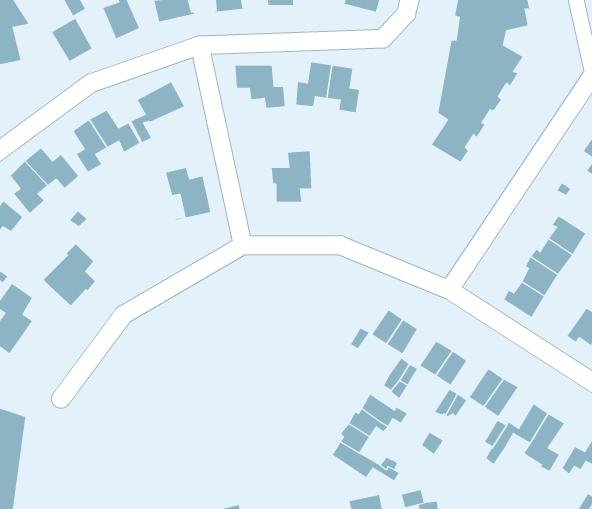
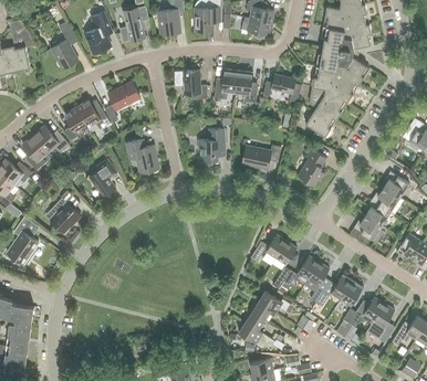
building: none -> [262,74,301,102]
building: none -> [241,139,280,169]
building: none -> [296,148,325,186]
building: none -> [87,158,116,197]

